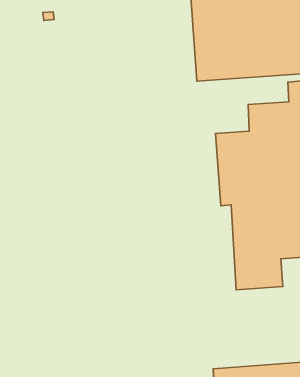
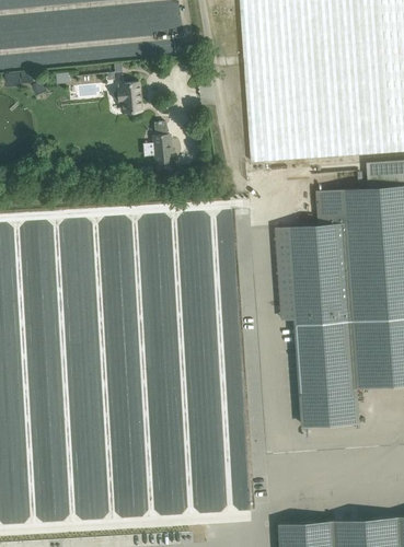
building: none -> [114,82,141,113]
building: none -> [152,120,173,163]

